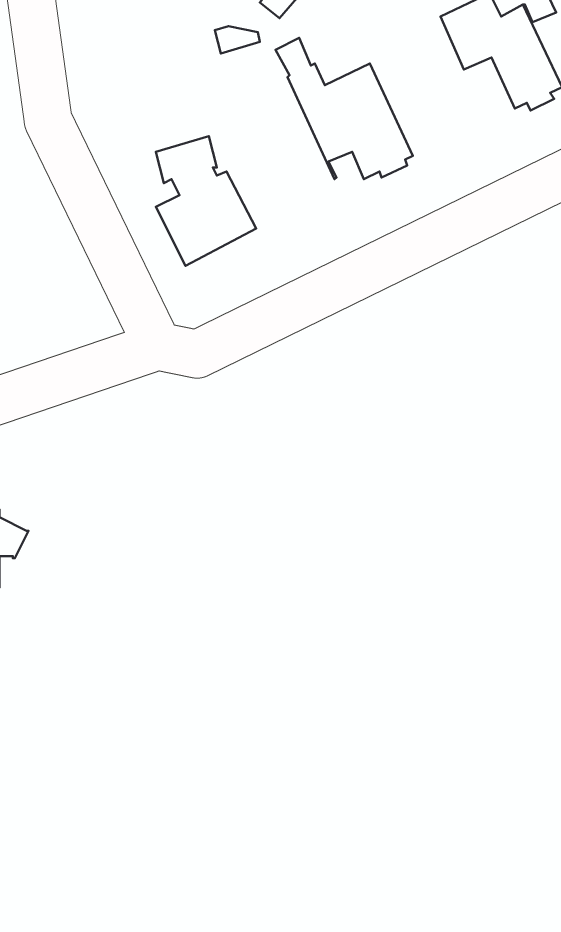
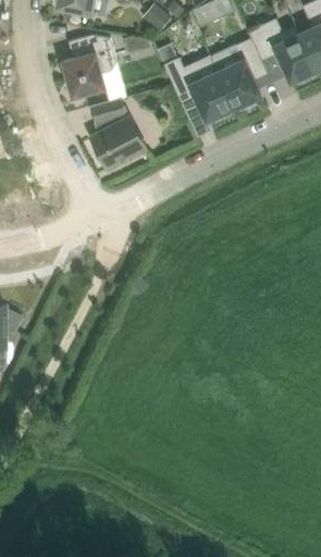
building: none -> [210,32,269,110]
building: none -> [63,36,118,98]

